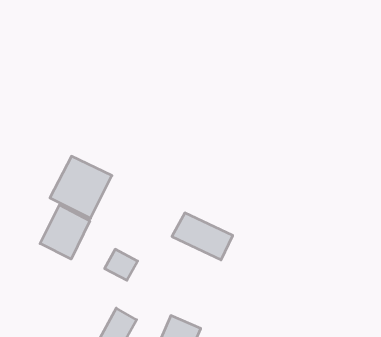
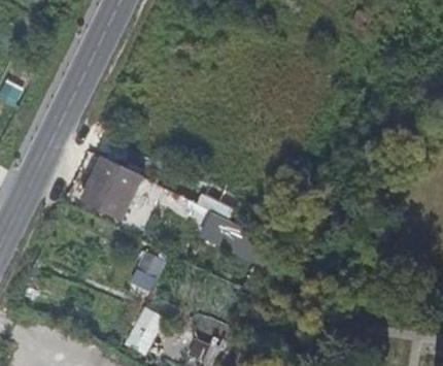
building: [40,205,90,259] -> none

